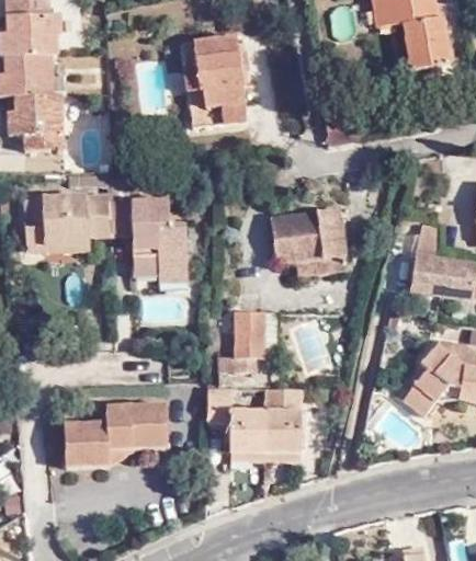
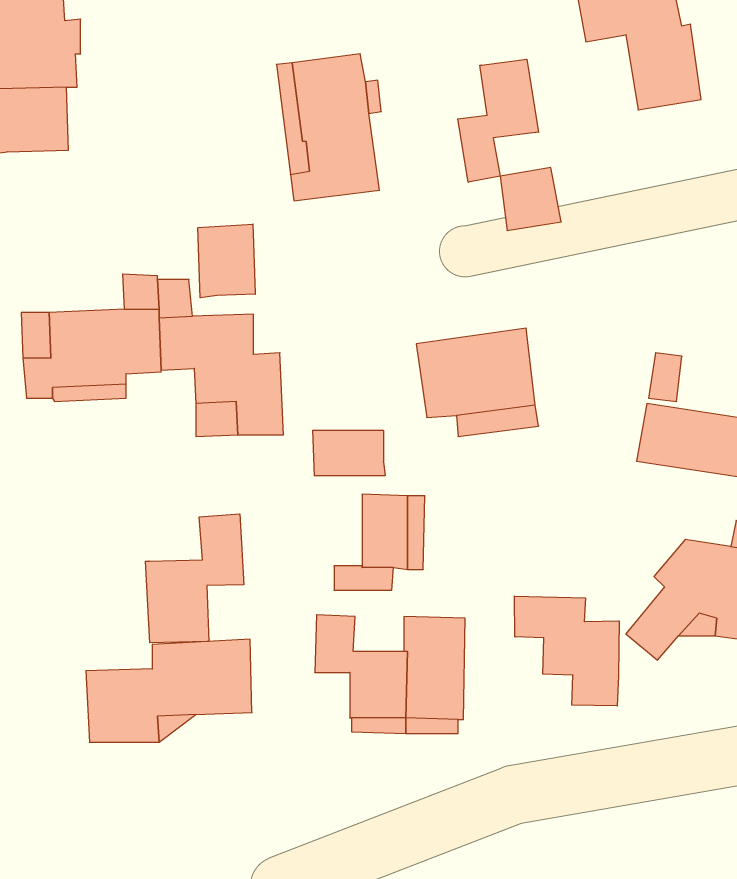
building: none -> [458,59,539,182]
building: [14,94,64,150] -> none
building: none -> [198,224,255,298]
building: none -> [313,430,385,476]
building: none -> [145,514,244,643]
building: none -> [514,596,619,706]

